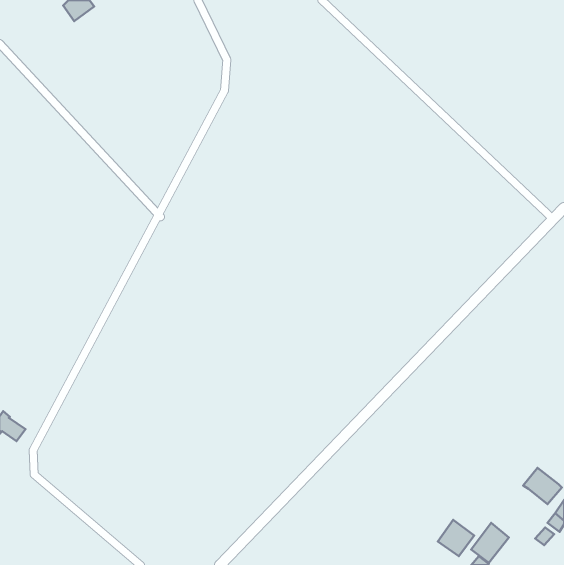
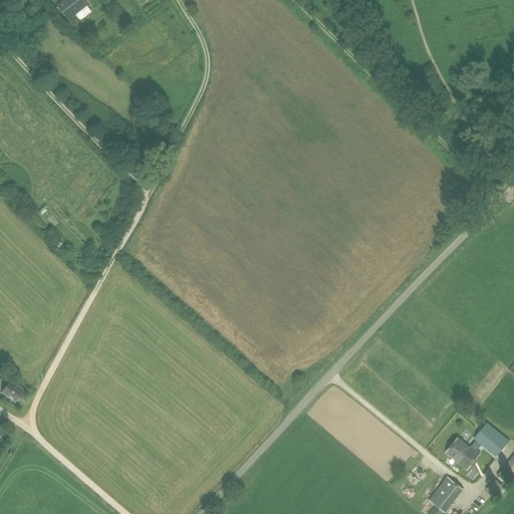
building: none -> [445,438,480,470]
building: [438,520,474,556] -> none

